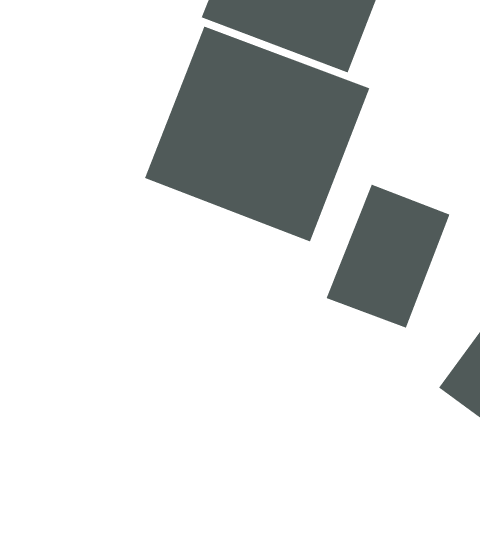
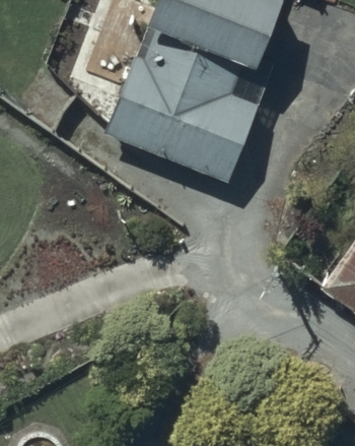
building: [326,184,450,329] -> none

